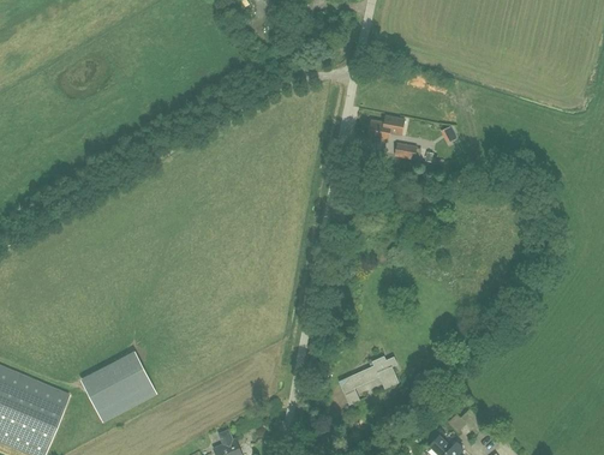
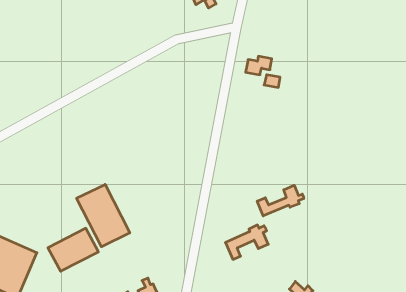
building: none -> [77,184,130,247]
building: none -> [257,185,304,216]

